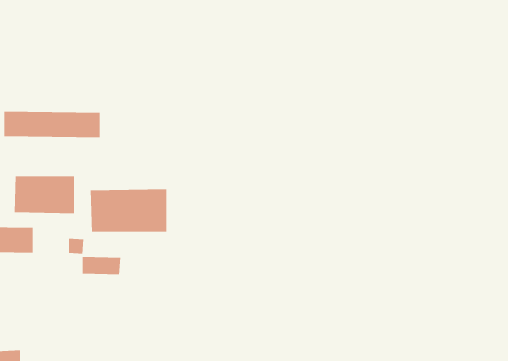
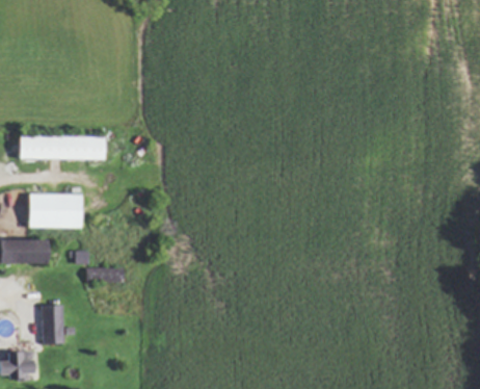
building: [90,188,167,233] -> none
building: none -> [44,305,66,344]

